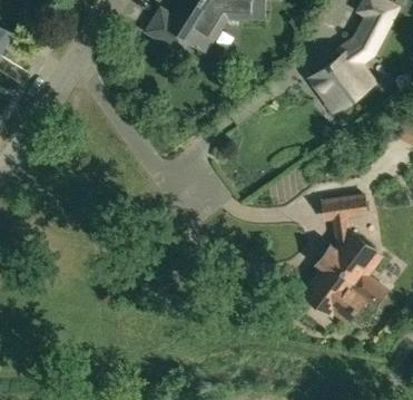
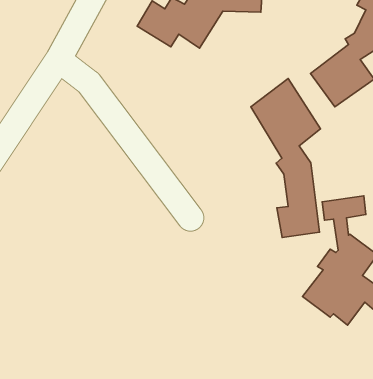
building: none -> [251,79,321,237]

